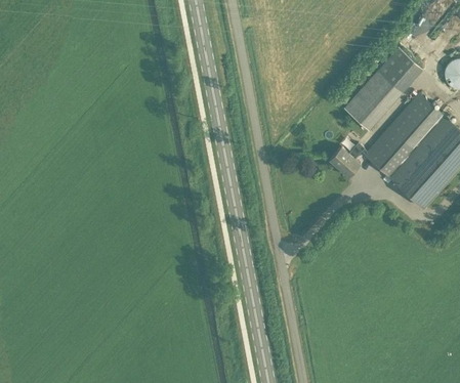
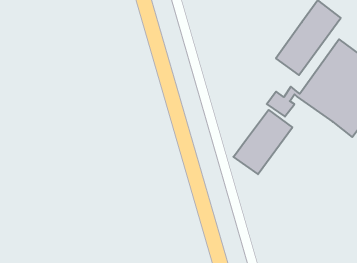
building: none -> [233,110,292,174]

